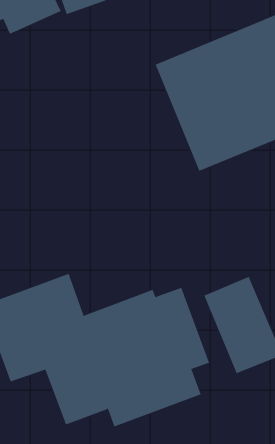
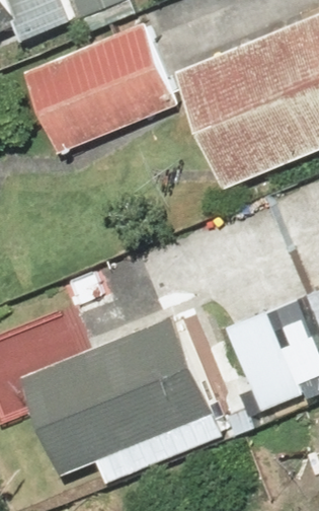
building: none -> [17,25,172,156]

